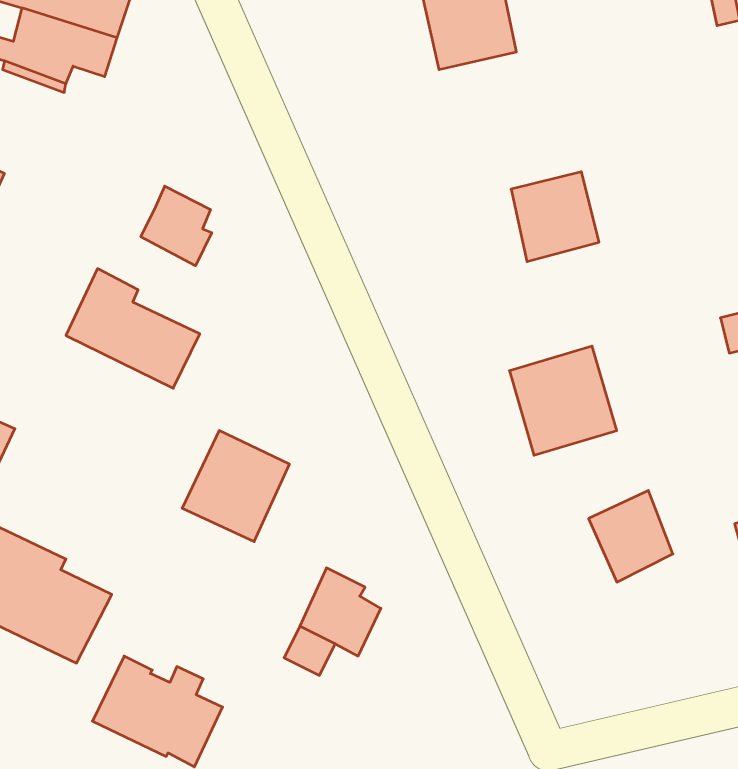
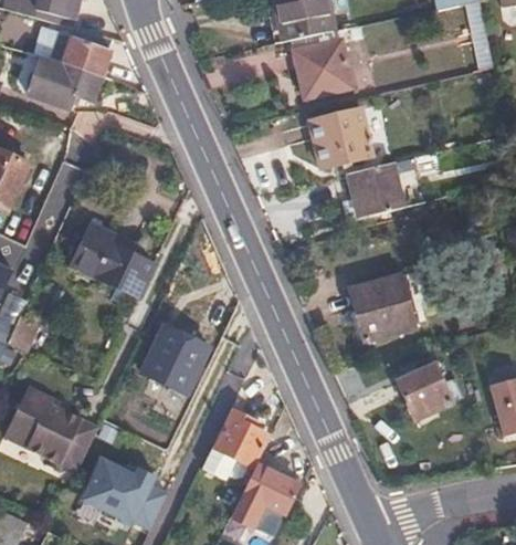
building: none -> [310,107,373,168]
building: [141,186,212,266] -> none
building: none -> [232,467,297,526]

